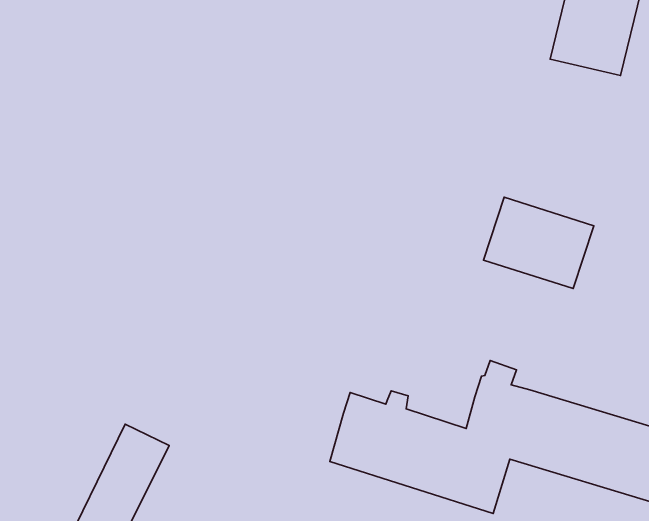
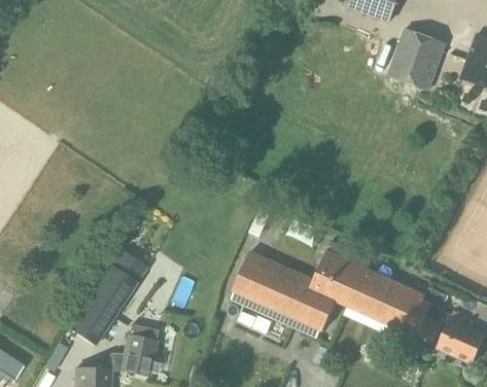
building: [483,197,594,289] -> none

